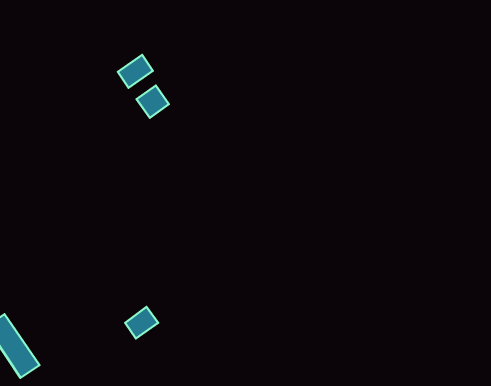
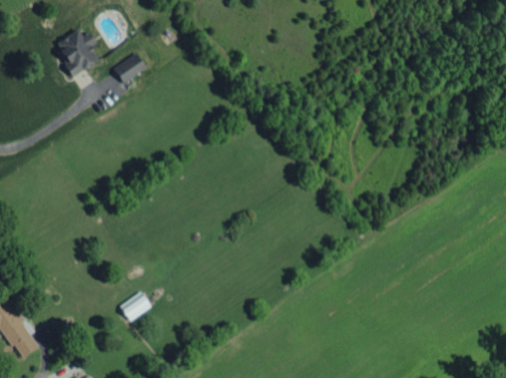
building: none -> [54,30,99,76]
building: [137,85,169,118] -> none

